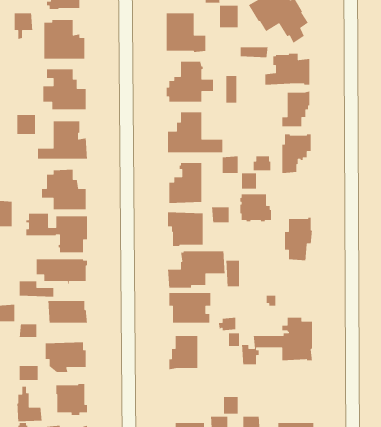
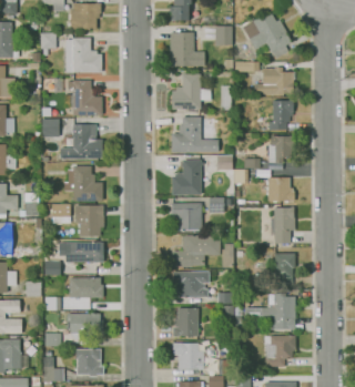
building: [239,193,272,222] -> [266,177,294,202]
building: none -> [273,253,295,285]
building: none -> [264,335,296,366]
building: none -> [172,343,203,369]

